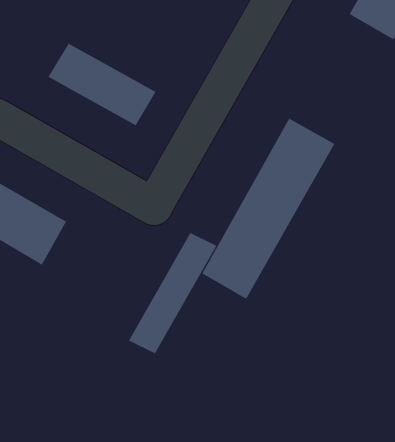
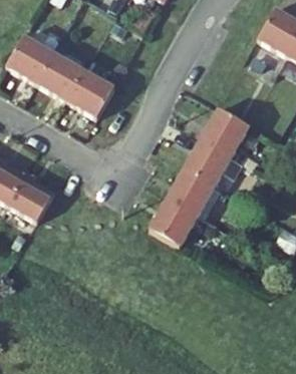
building: none -> [10,42,51,81]
building: [128,232,217,354] -> none

